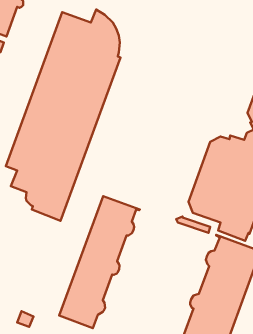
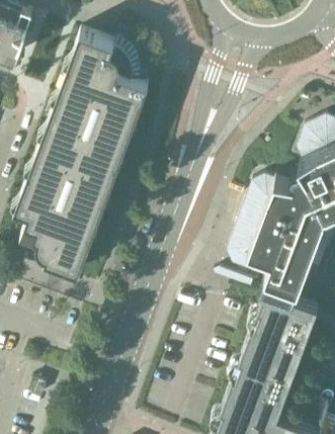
building: [59,196,140,328] -> none

